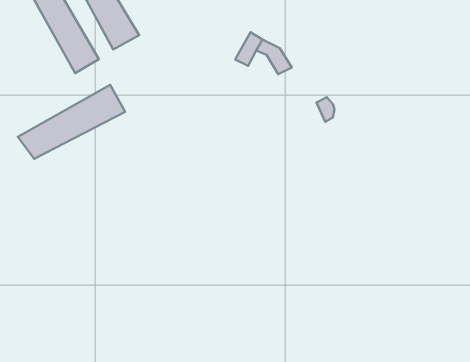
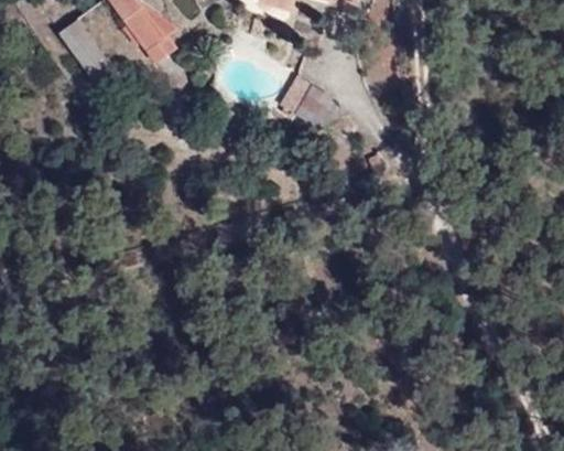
building: [18,85,125,159] -> none

